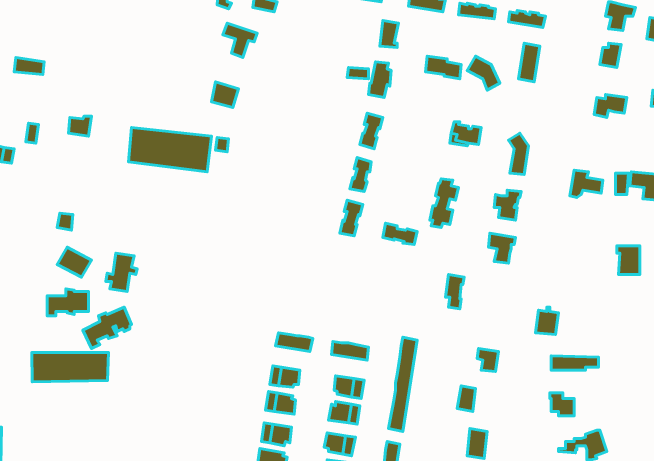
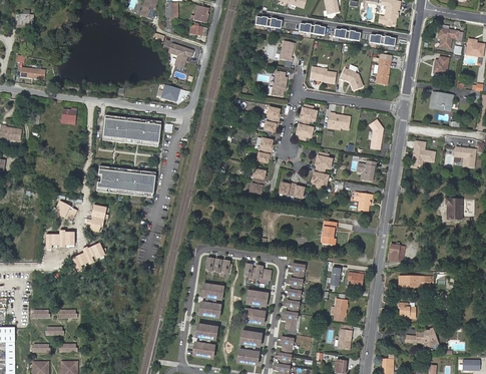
building: none -> [298,103,318,139]
building: none -> [96,165,154,197]
building: [32,353,108,382] -> none

